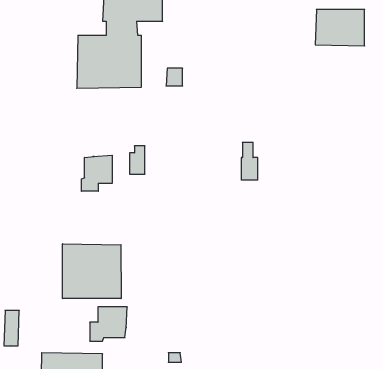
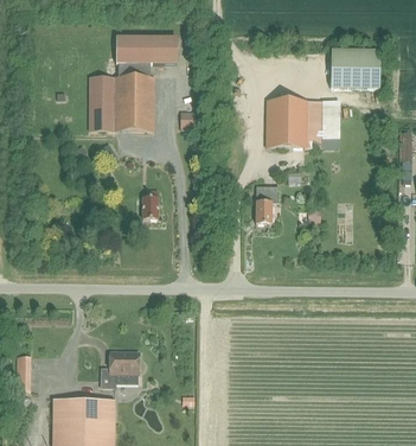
building: none -> [265,100,340,147]
building: [81,155,112,191] -> none
building: [63,244,121,299] -> none

